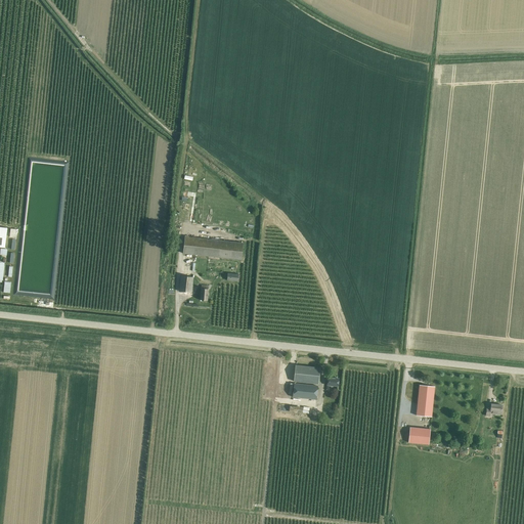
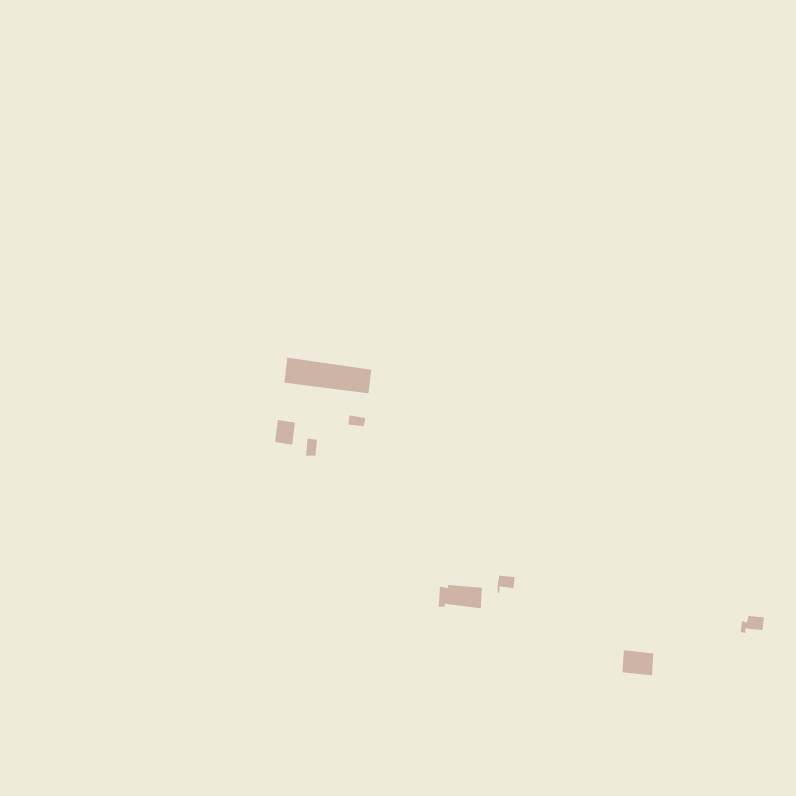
building: [294,365,319,384] -> none
building: [417,385,434,417] -> none

